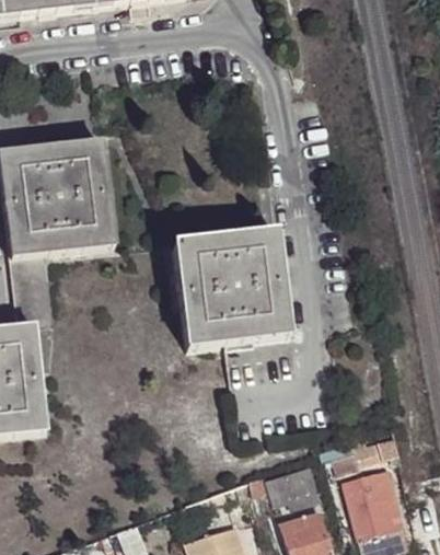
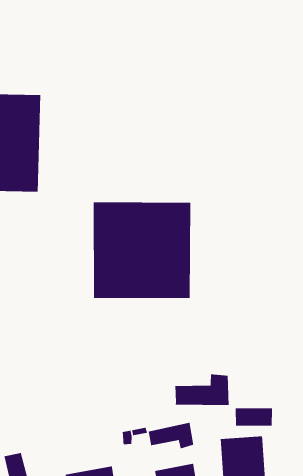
building: none -> [175,374,230,406]

